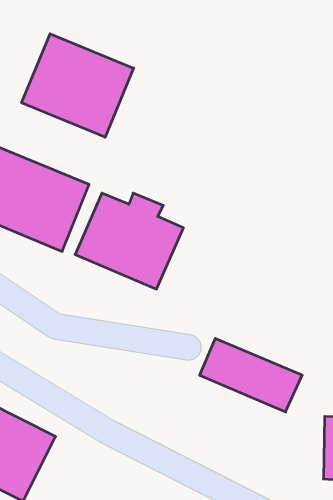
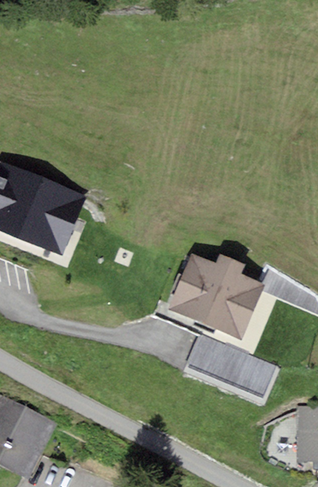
building: [22,34,134,137] -> none
building: [75,193,183,289] -> [167,253,264,339]

